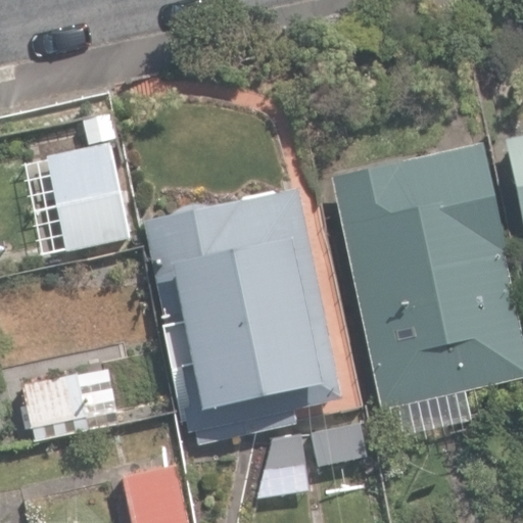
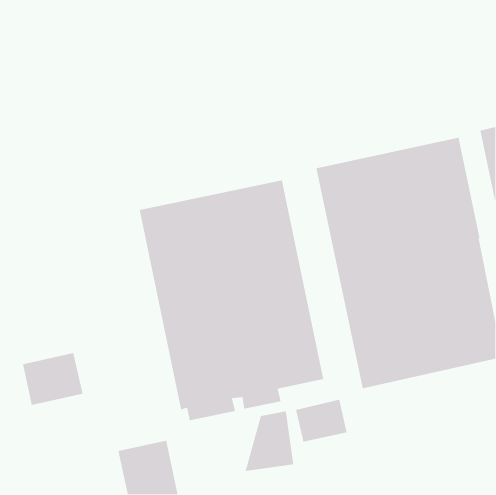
building: [48,143,128,250] -> none

